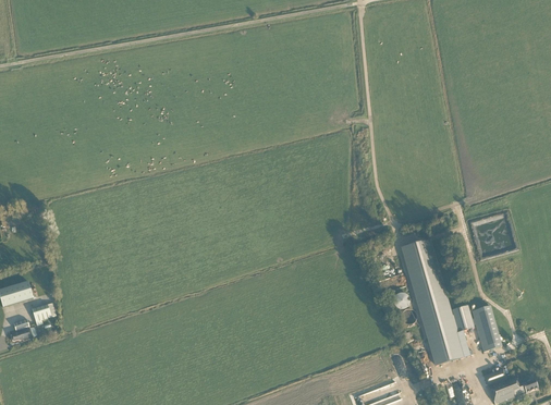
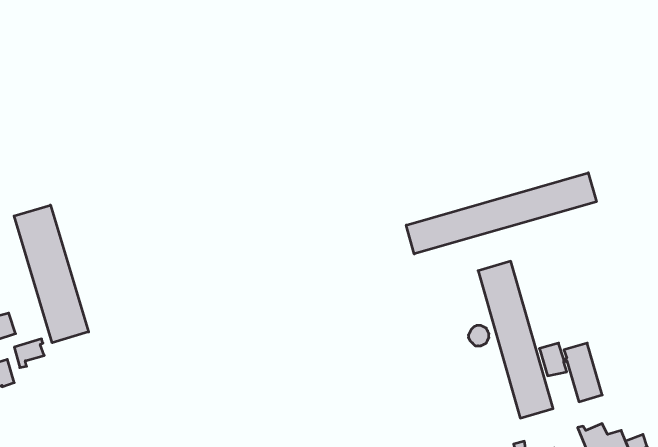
building: none -> [406,173,596,254]
building: none -> [14,205,89,343]

